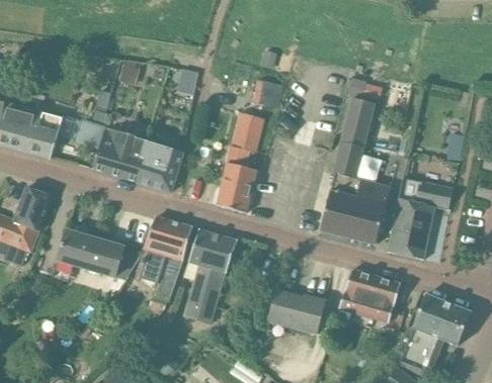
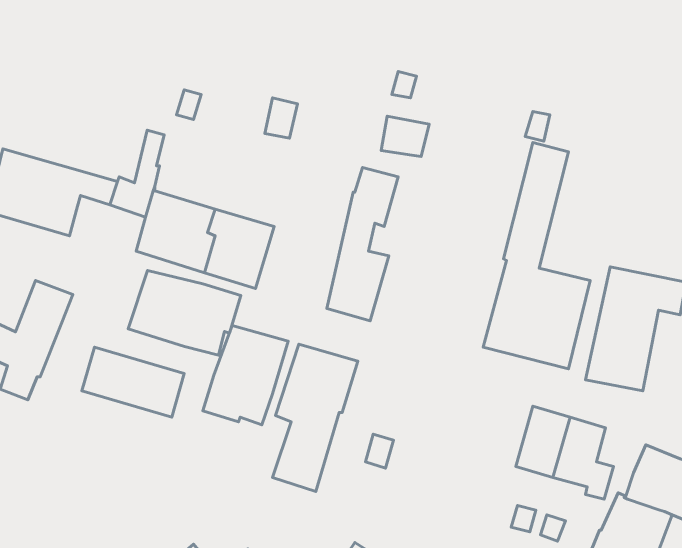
building: none -> [128,271,241,355]
building: [269,291,325,332] -> none

